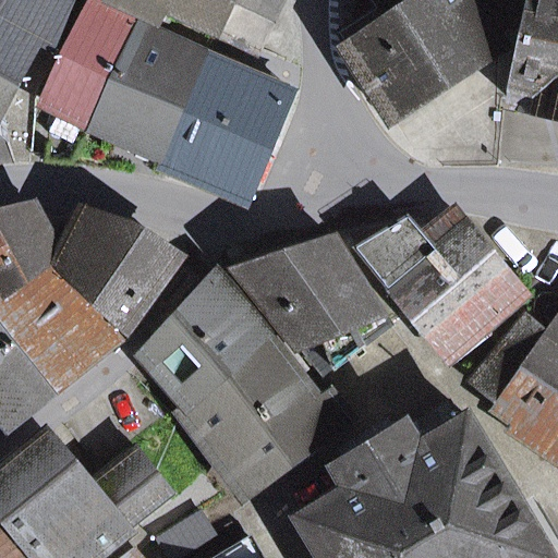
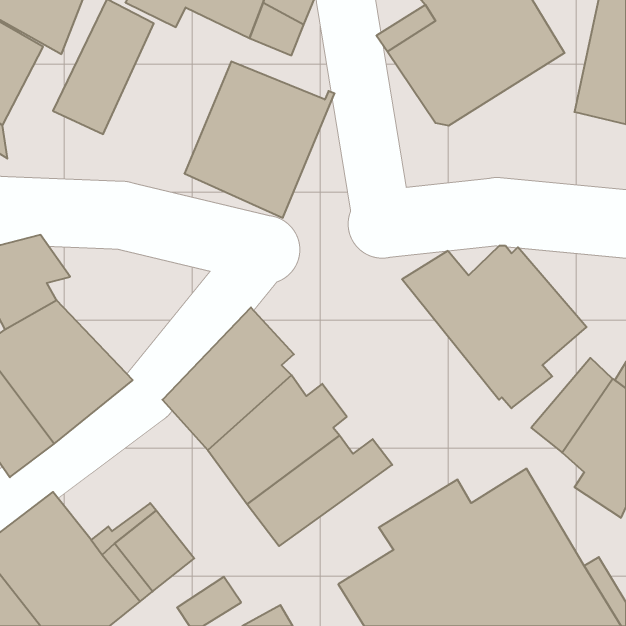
building: [92,21,205,154] -> none
building: [57,217,178,331] -> none
building: [242,245,388,374] -> none

